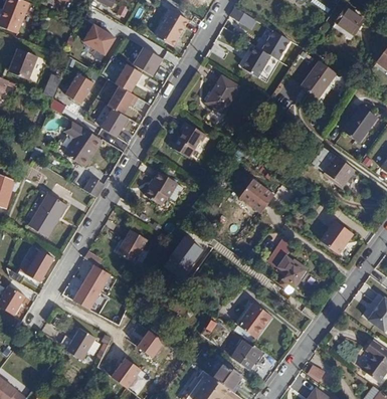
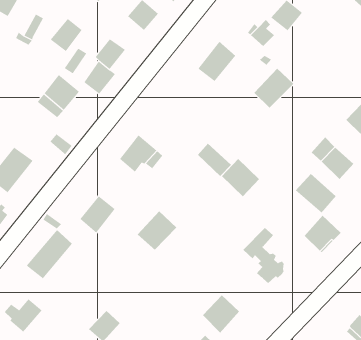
building: [302,60,337,97] -> [253,68,294,109]
building: [119,64,144,91] -> none
building: [174,120,205,155] -> none
building: none -> [197,143,232,177]
building: none -> [295,173,336,213]

